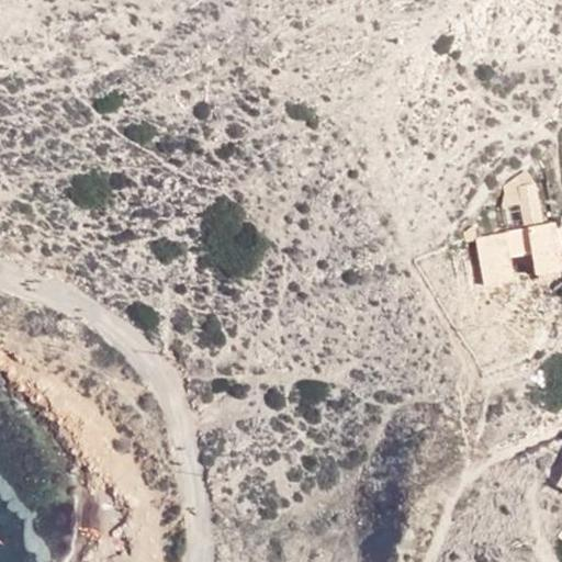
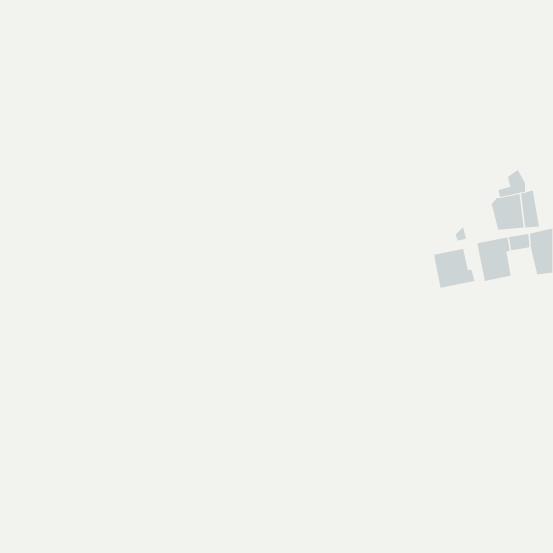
building: none -> [433,248,475,288]

